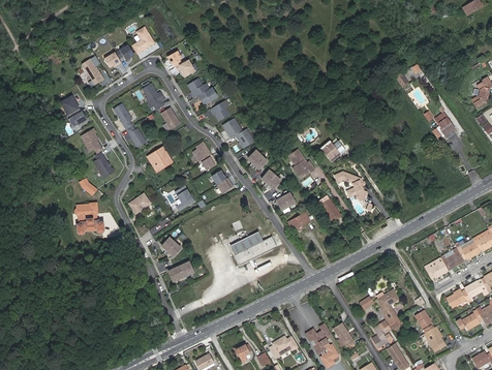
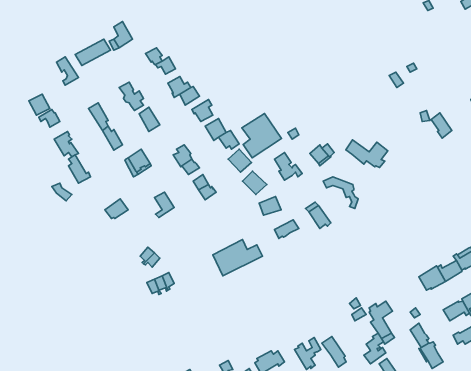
building: none -> [242,114,281,158]
building: none -> [346,140,388,168]
building: [75,203,104,235] -> none

